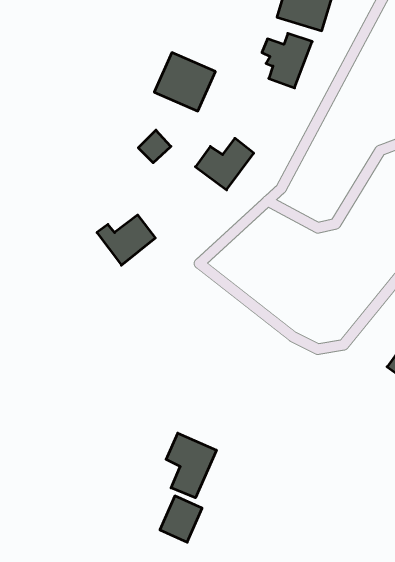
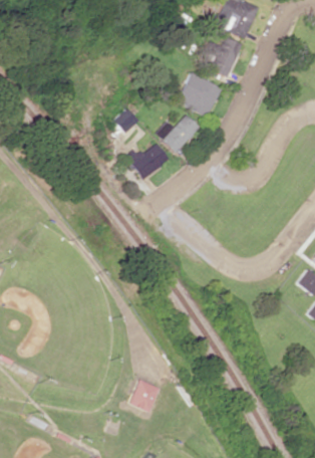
building: [154,53,215,111] -> [177,73,222,117]
building: [97,215,155,265] -> [126,143,170,180]
building: [166,433,216,498] -> none

